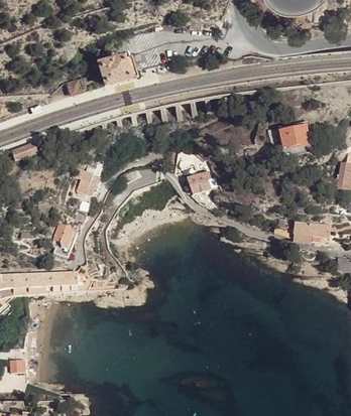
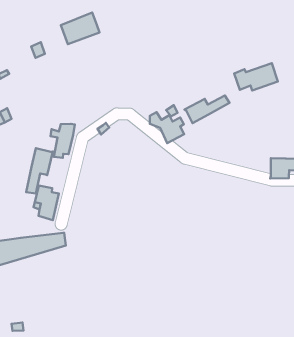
building: none -> [185,95,230,123]
building: none -> [26,148,53,193]

